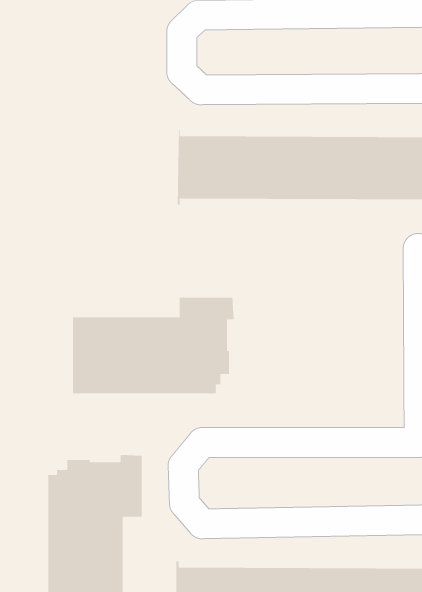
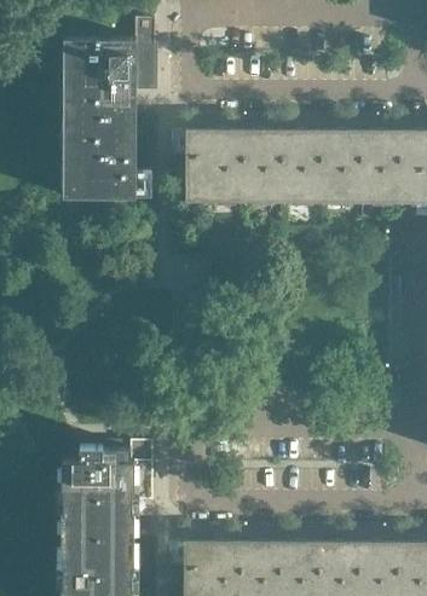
building: none -> [62,18,154,197]
building: [72,297,234,394] -> none

